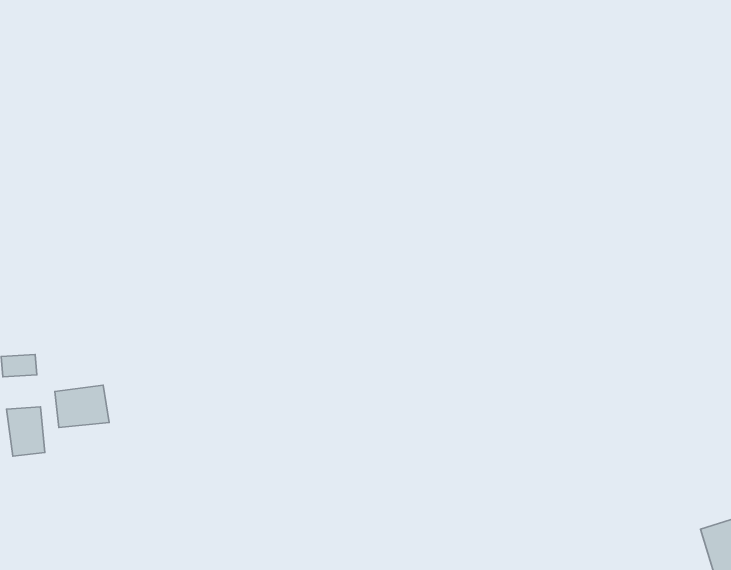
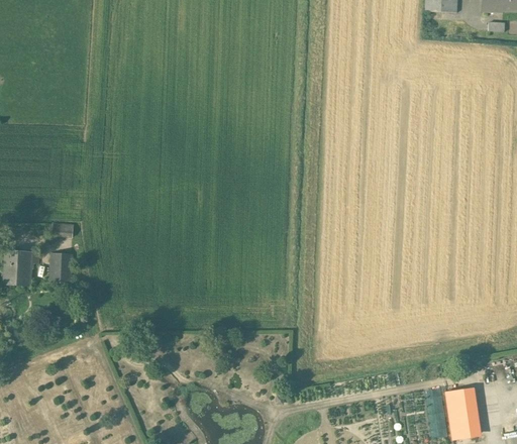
building: [55,385,109,427] -> none

